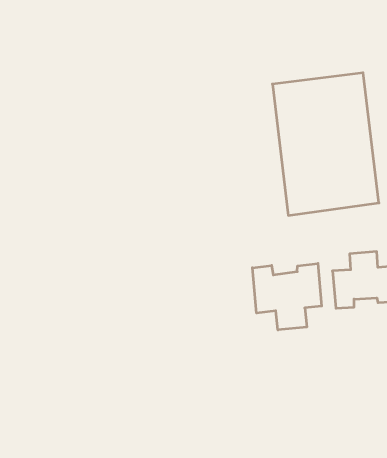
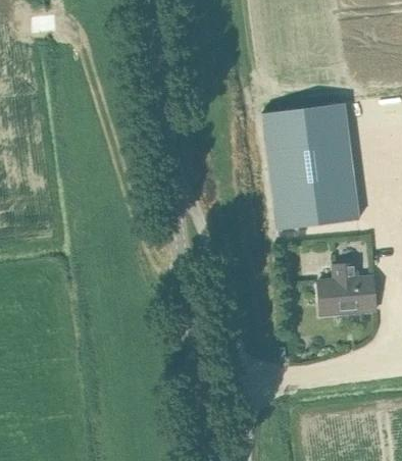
building: [252,263,322,330] -> none

